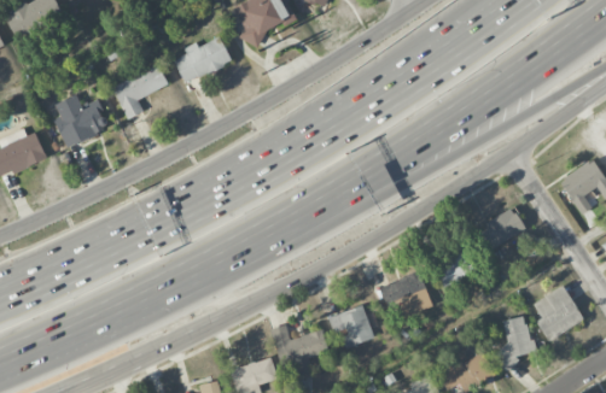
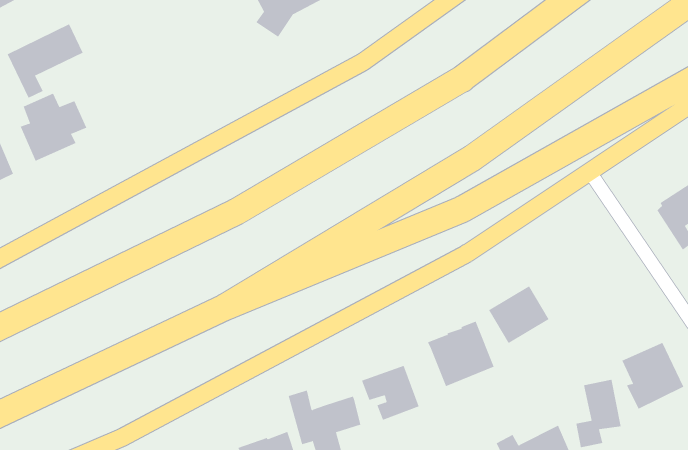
building: [177,33,239,81] -> none
building: [116,59,176,118] -> [7,24,83,99]
building: [479,206,525,248] -> none

